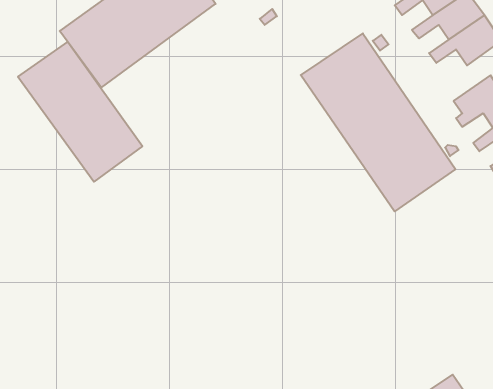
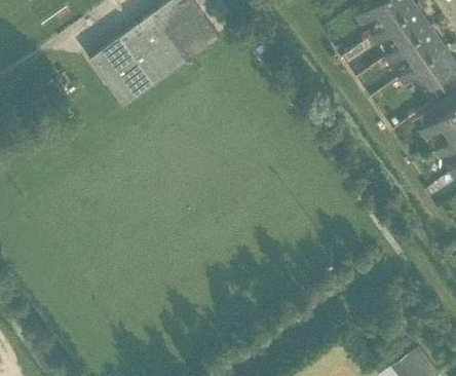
building: [301,33,455,211] -> none
building: [18,42,142,182] -> none

